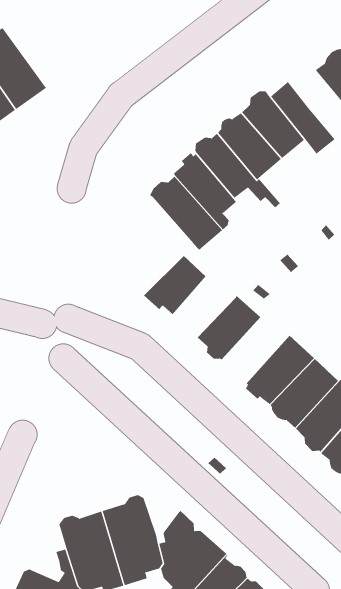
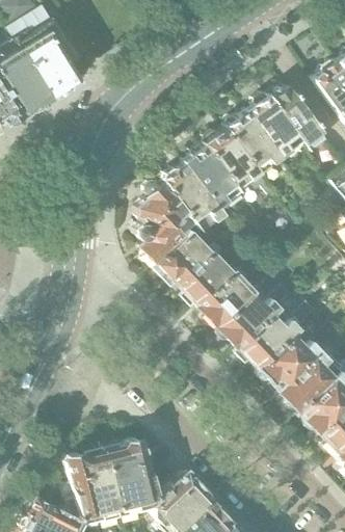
building: none -> [137,180,198,265]
building: none -> [178,242,233,305]
building: none -> [218,285,299,347]

